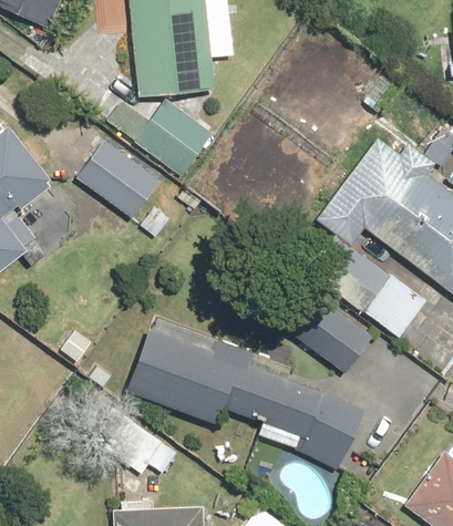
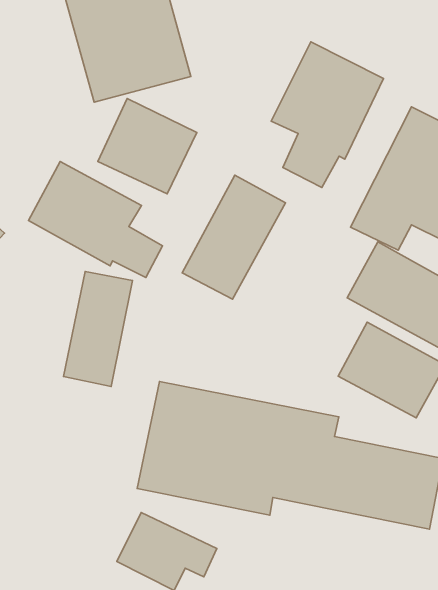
building: none -> [271,42,384,187]
building: none -> [182,175,285,299]
building: none -> [63,272,132,386]

